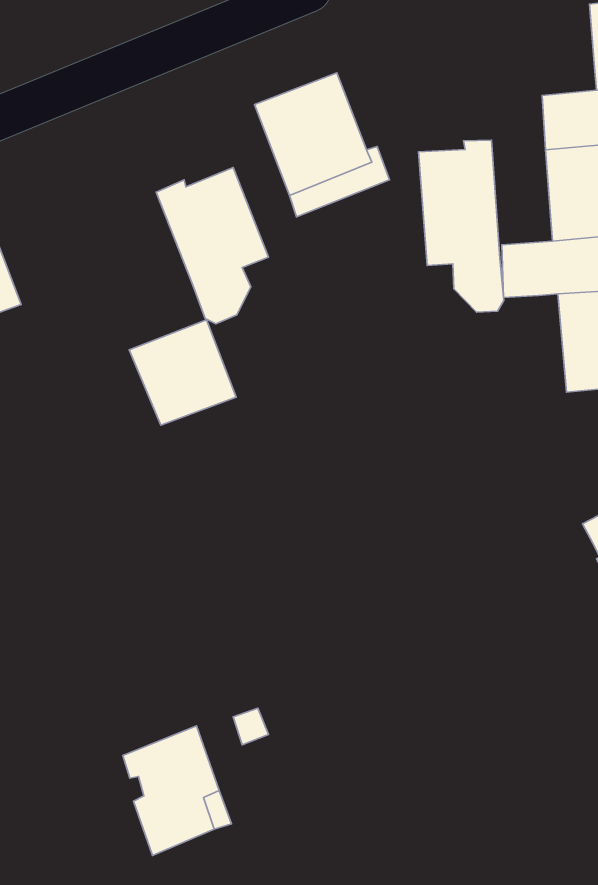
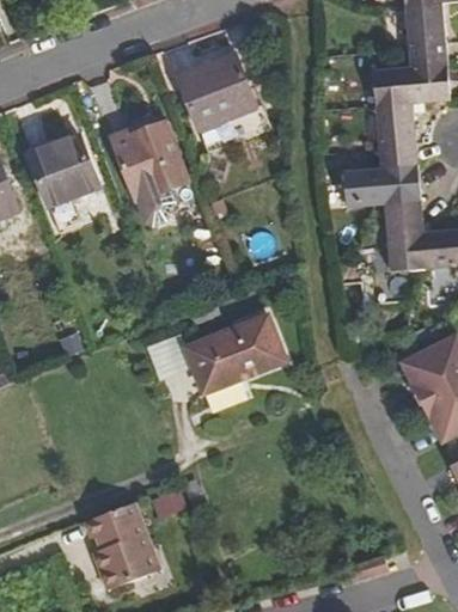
building: [419,140,504,312] -> none
building: [129,320,236,425] -> [24,133,97,204]
building: none -> [185,316,282,411]

